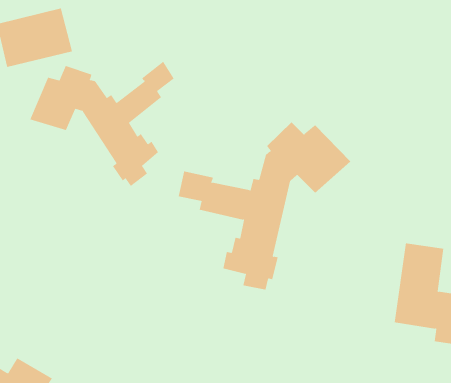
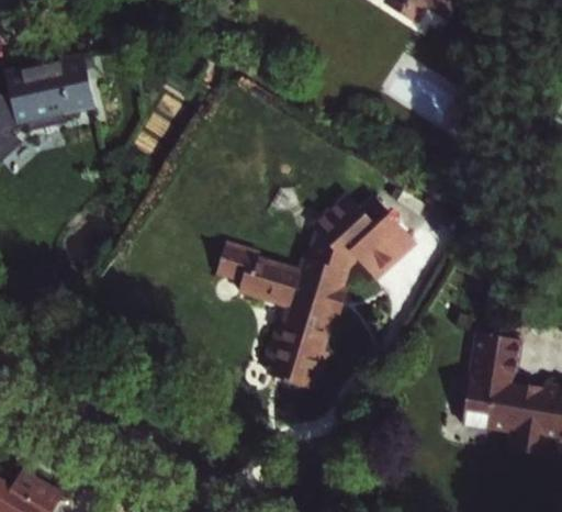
building: [30,61,174,187] -> none

